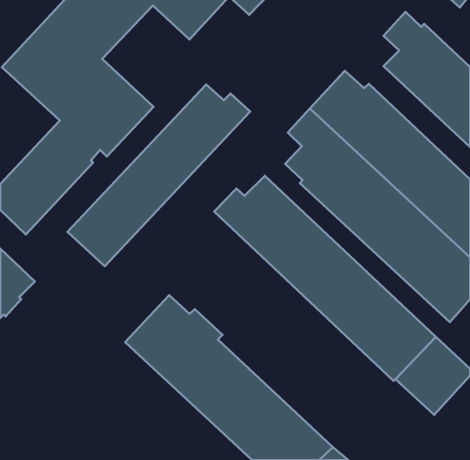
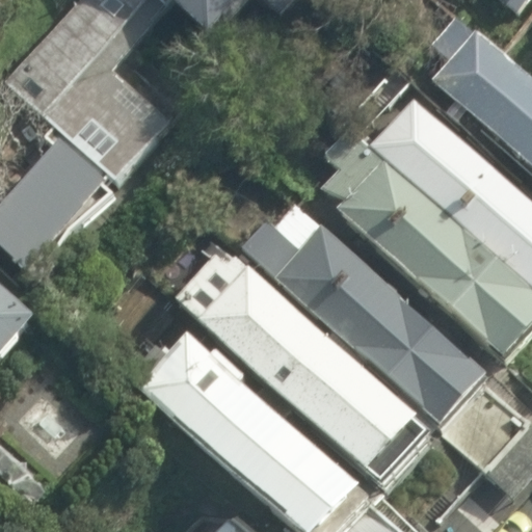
building: [67,84,250,266] -> none
building: none -> [178,252,432,488]

